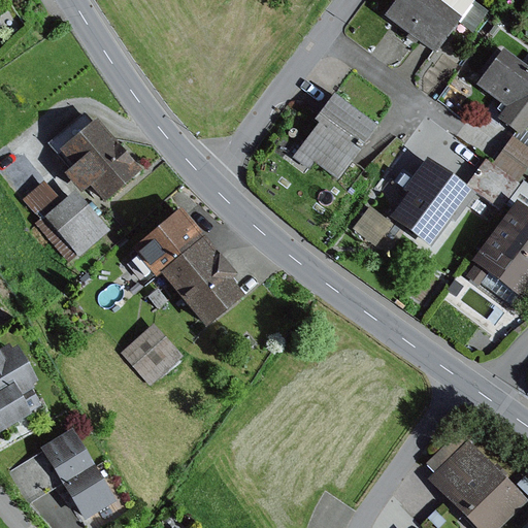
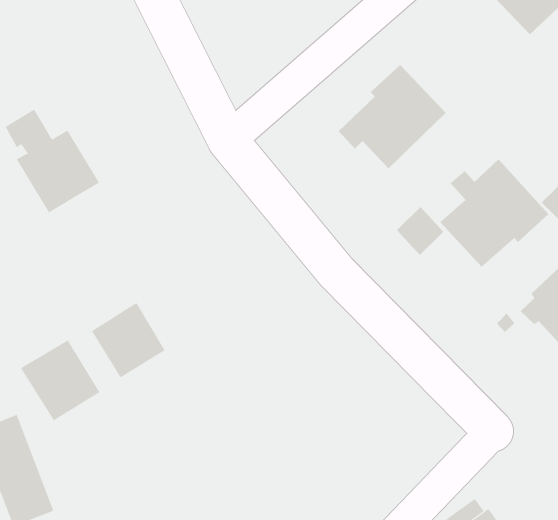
building: [59,118,141,202] -> none
building: [132,208,246,330] -> none
building: none -> [20,340,100,421]

